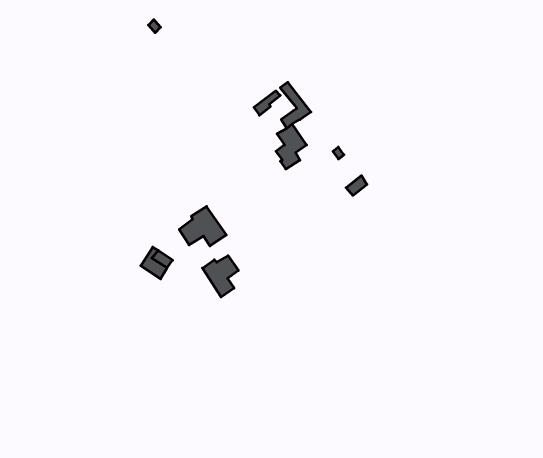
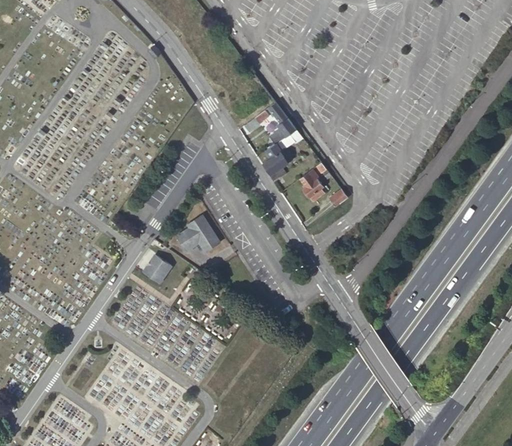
building: none -> [299,169,324,201]
building: [202,256,238,297] -> none

